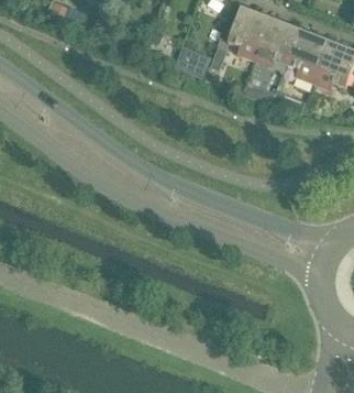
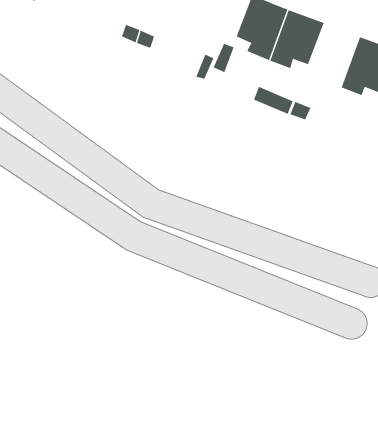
building: [287,30,329,83] -> none

